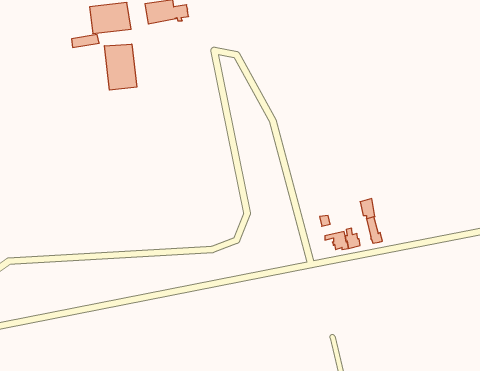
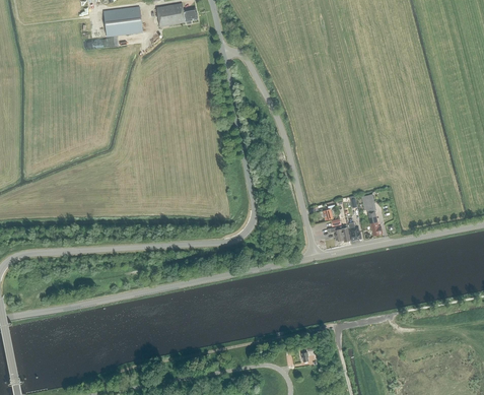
building: [104,44,137,90] -> none

